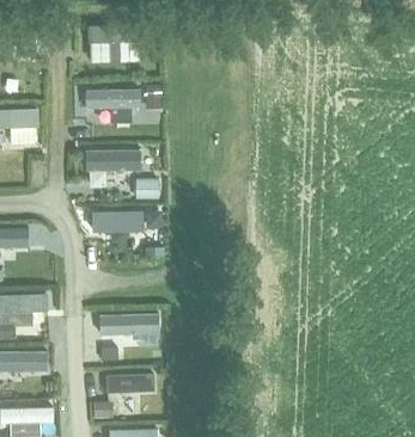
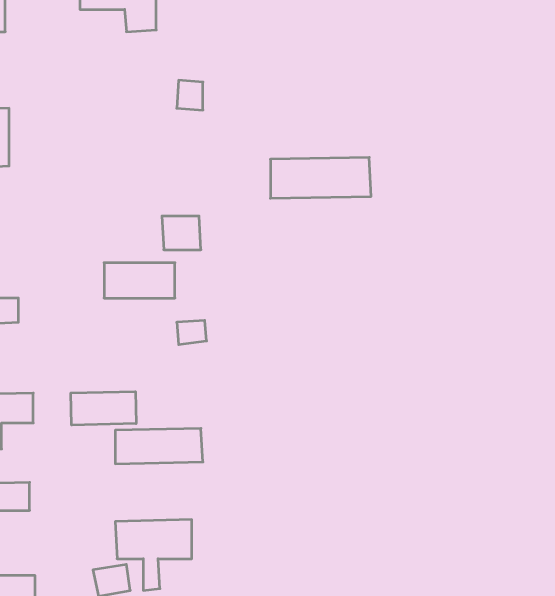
building: [84,88,138,122] -> none
building: [80,146,145,172] -> [270,157,371,198]
building: none -> [71,392,136,425]

